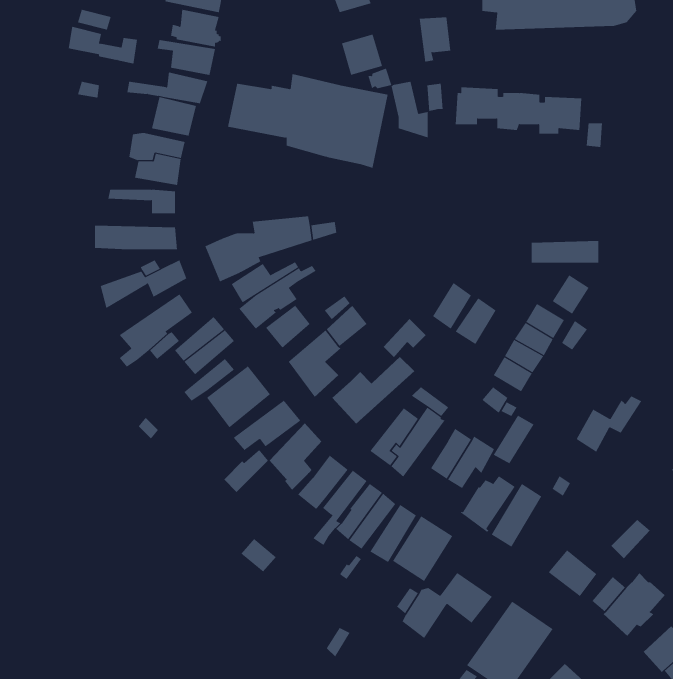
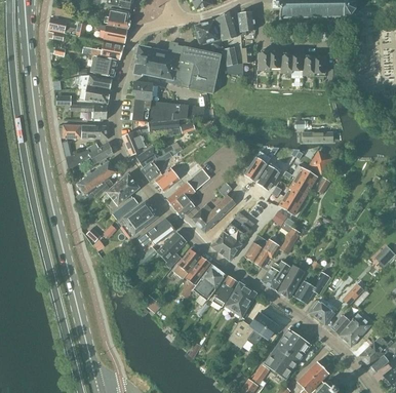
building: none -> [215,10,237,40]
building: none -> [132,81,204,122]
building: [576,396,642,453] -> [294,273,330,304]

